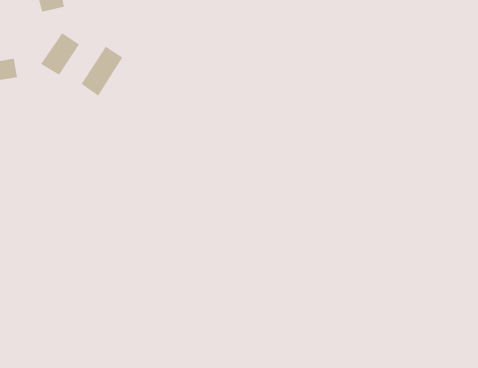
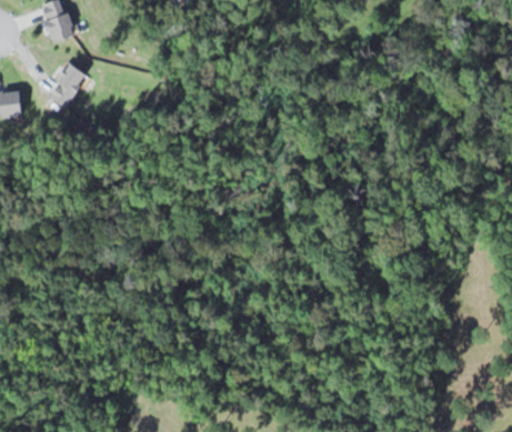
building: [81,46,123,97] -> none

